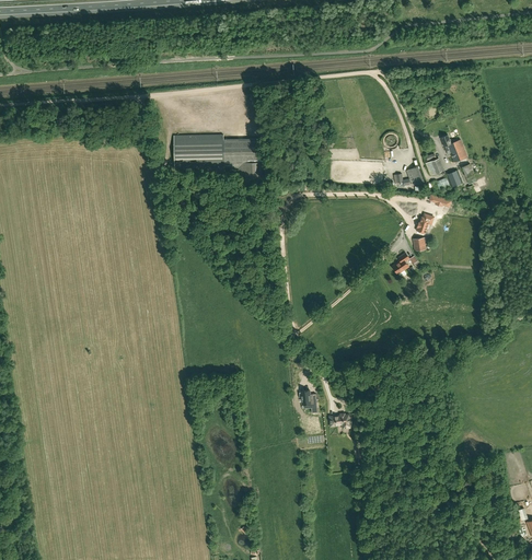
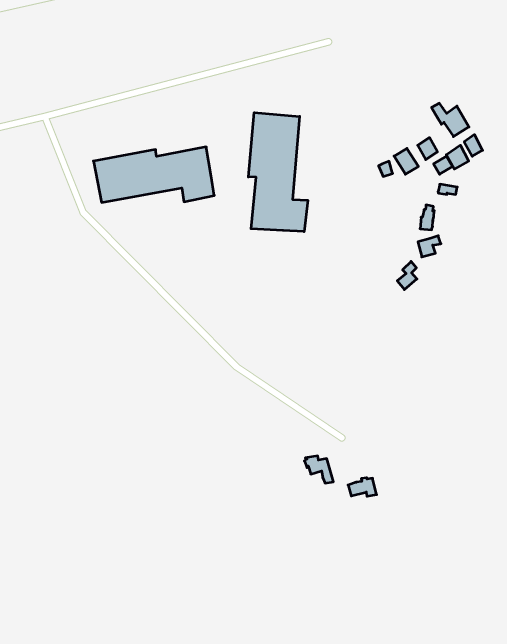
building: none -> [248,113,308,232]

